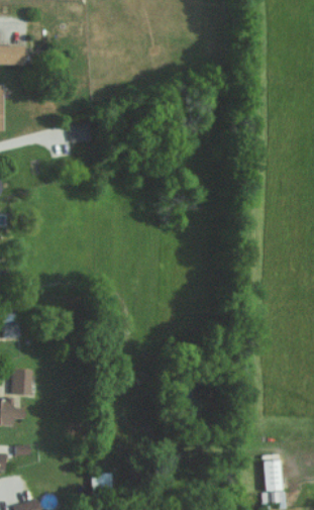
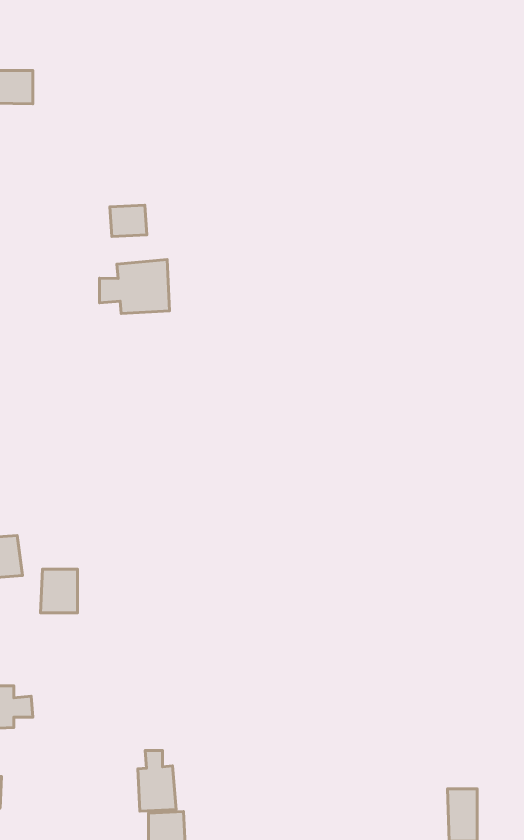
building: none -> [99,260,170,313]
building: [10,370,31,395] -> [41,569,77,613]
building: none -> [138,750,176,811]

